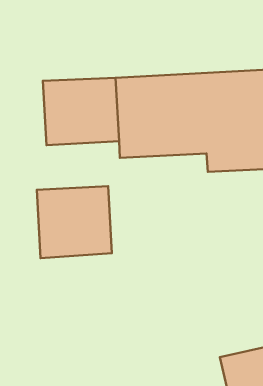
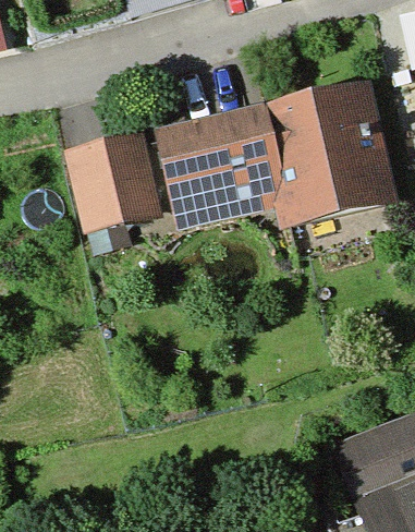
building: [37,186,112,258] -> none

